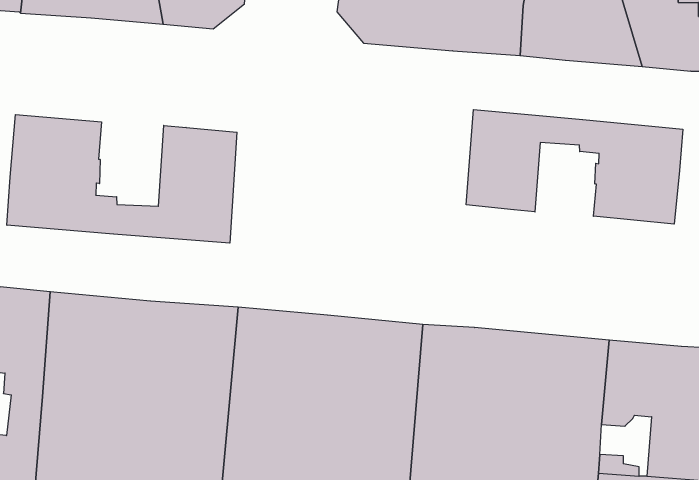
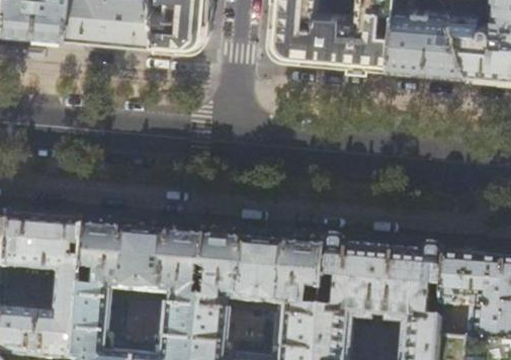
building: [466,110,683,224] -> none
building: [7,115,237,243] -> none

